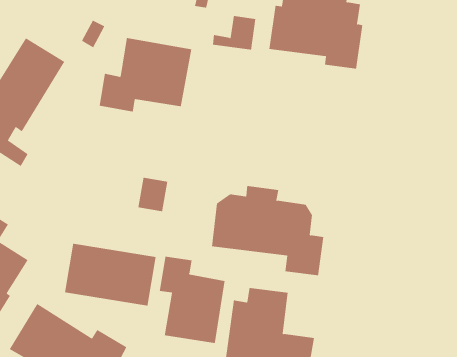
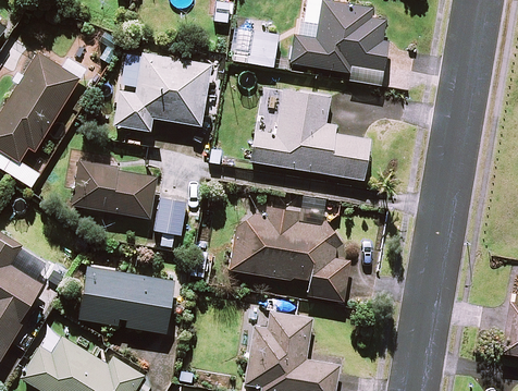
building: none -> [250,89,369,180]
building: none -> [72,162,157,218]
building: [159,256,225,344] -> none

